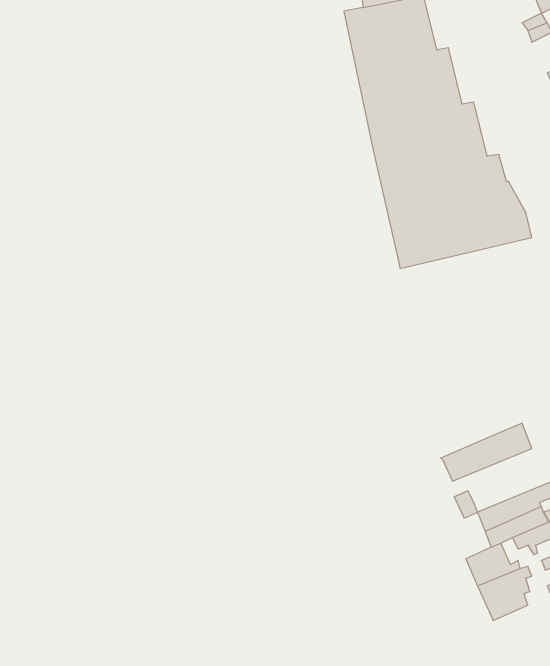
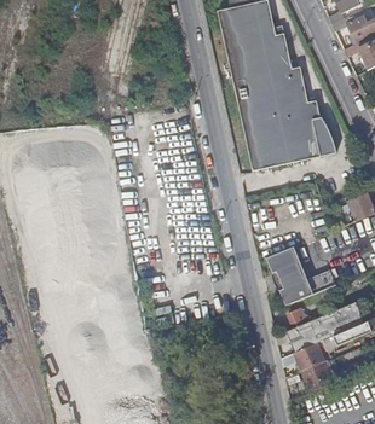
building: none -> [266,245,306,290]

